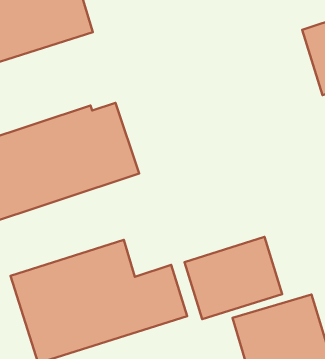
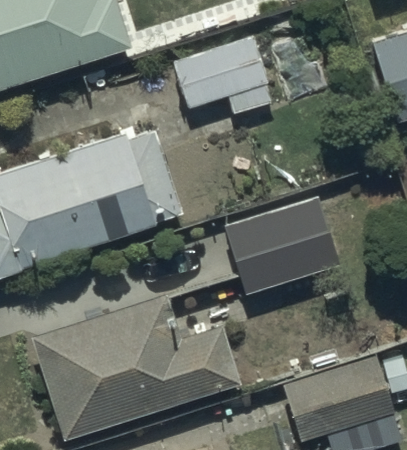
building: none -> [177,24,276,113]
building: [185,237,282,319] -> [225,198,341,296]

